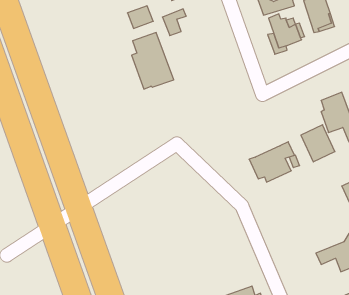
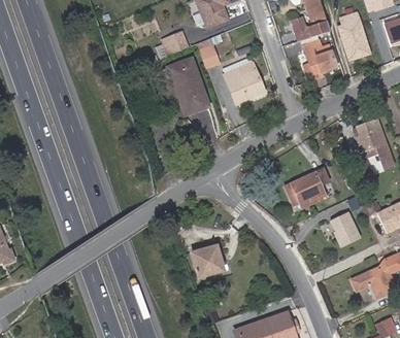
building: none -> [223,57,264,102]
building: [301,125,335,162] -> [327,210,361,247]
building: none -> [190,245,223,277]

